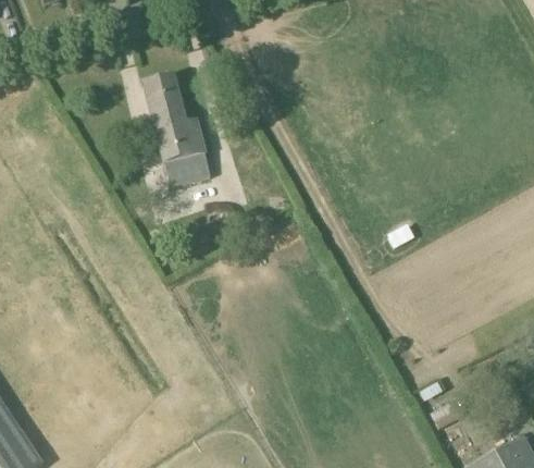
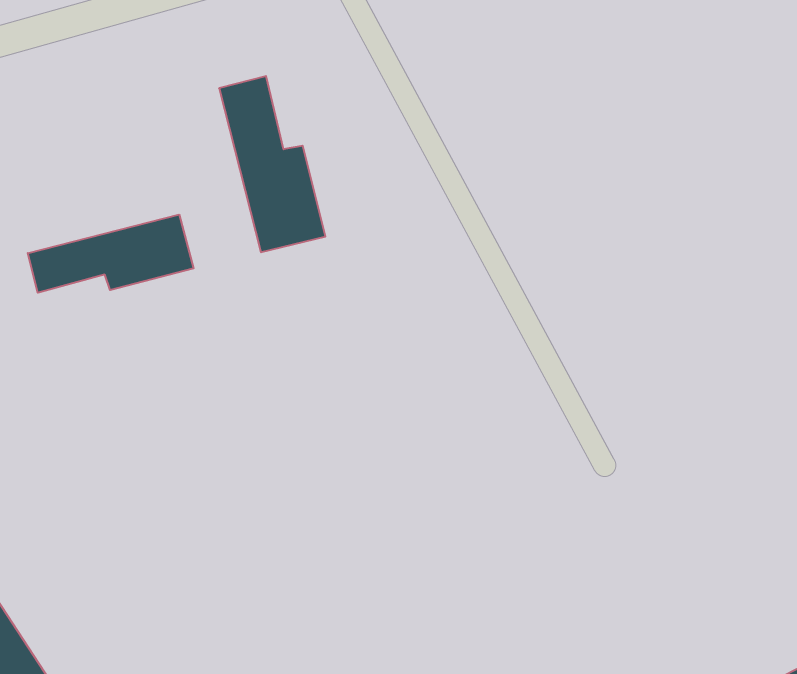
building: none -> [28,215,194,293]

